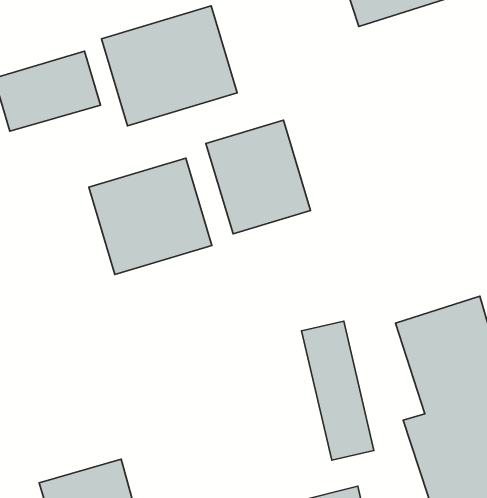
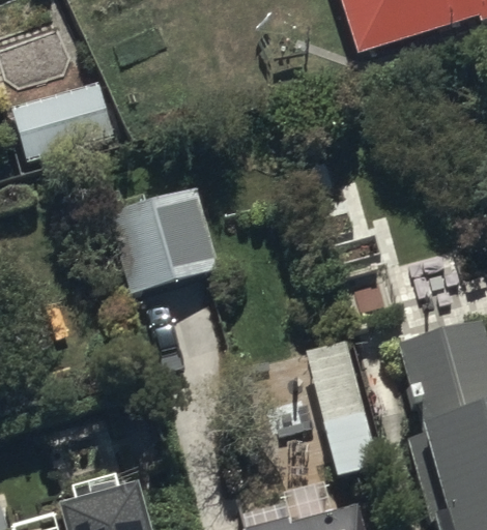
building: [101,6,237,126] -> none
building: [206,120,311,234] -> none

